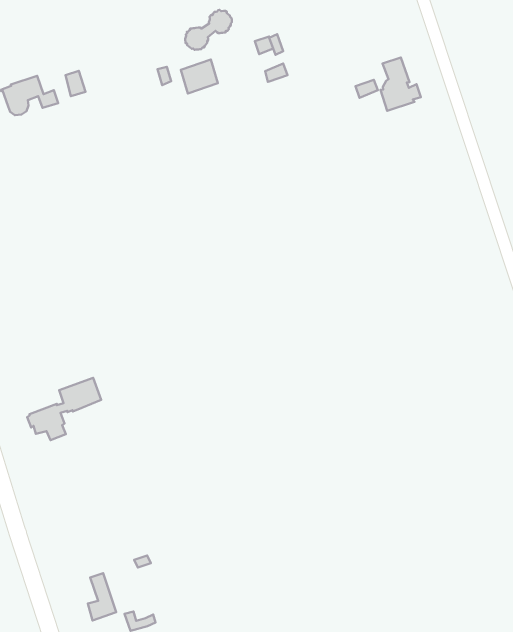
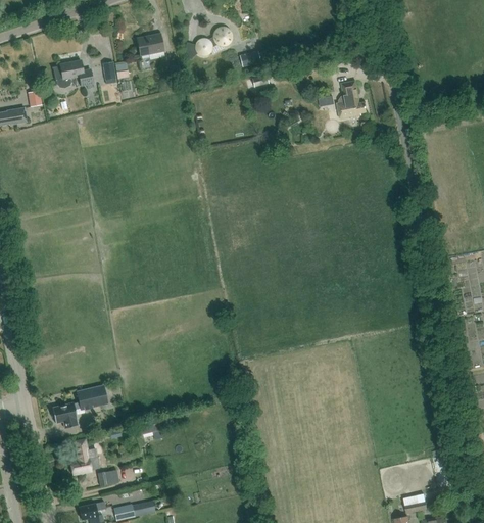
building: [181,59,218,94] -> [137,33,163,56]
building: [27,378,101,440] -> [50,385,107,428]

